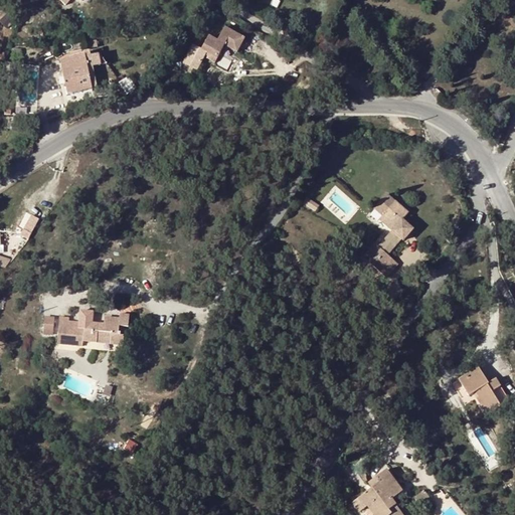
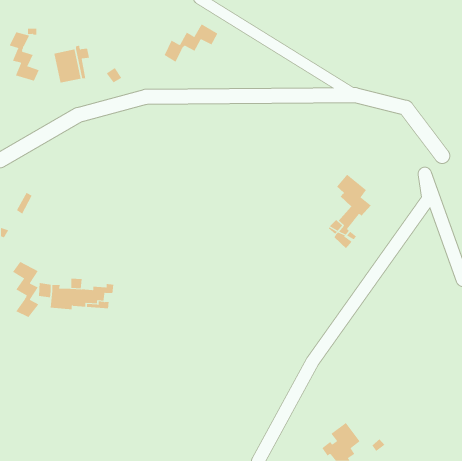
building: none -> [9,32,39,81]
building: none -> [12,261,39,318]
building: [457,367,509,414] -> none

